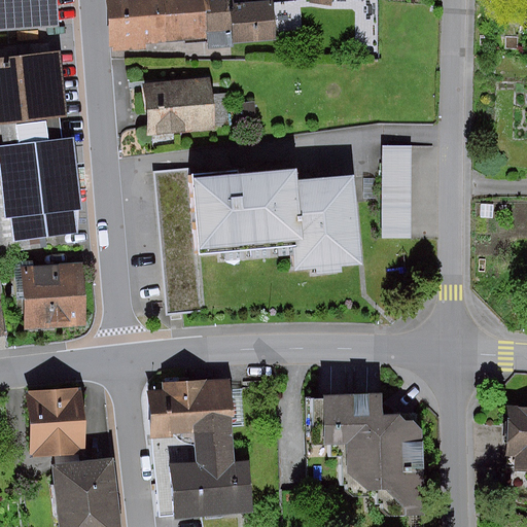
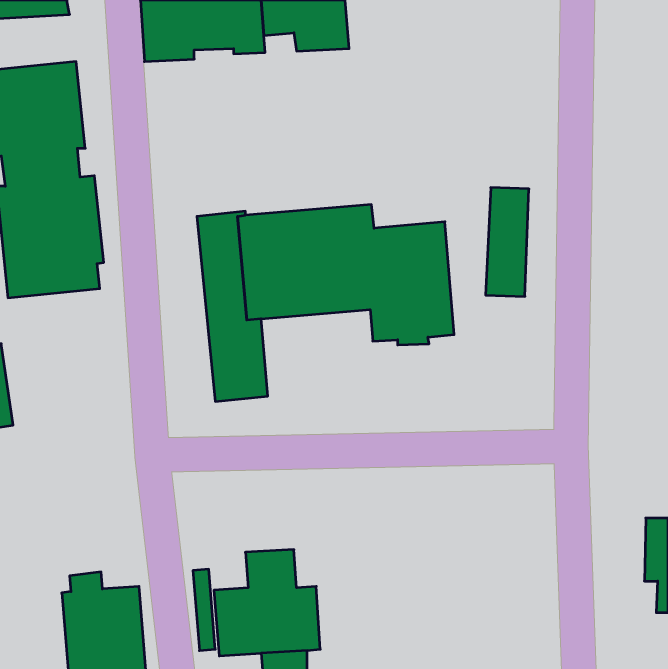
building: [138,83,209,131] -> none
building: [22,265,86,328] -> none
building: [148,379,237,435] -> none
building: [26,386,86,455] -> none
building: [314,396,422,491] -> none

